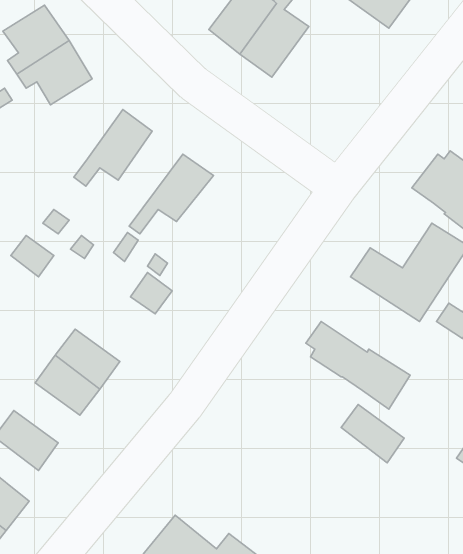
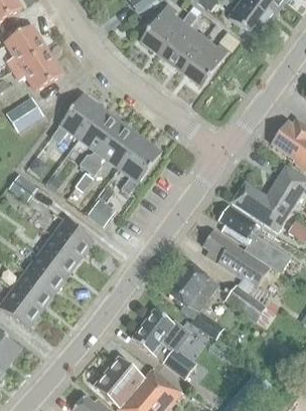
building: none -> [179,38,227,86]
building: none -> [6,97,43,132]
building: none -> [78,107,121,169]
building: none -> [117,136,160,193]
building: none -> [219,207,290,272]
building: none -> [50,218,93,257]
building: none -> [166,263,220,338]
building: none -> [10,271,53,311]
building: none -> [131,311,193,377]

